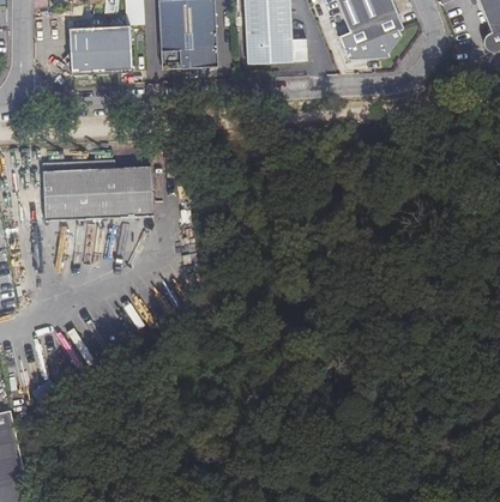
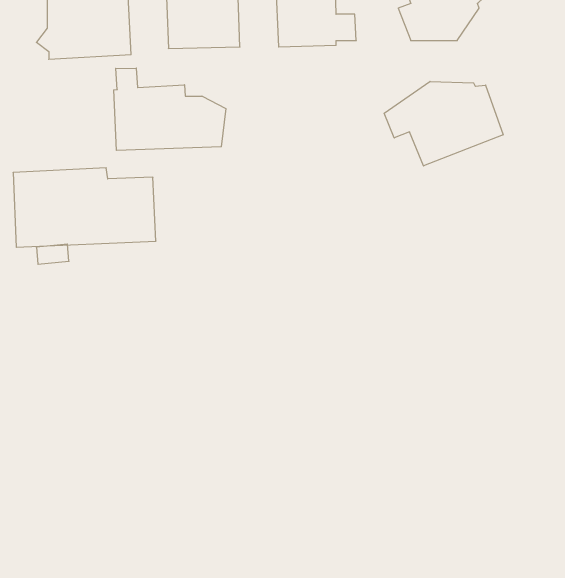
building: none -> [114,68,226,150]
building: none -> [384,81,503,166]

